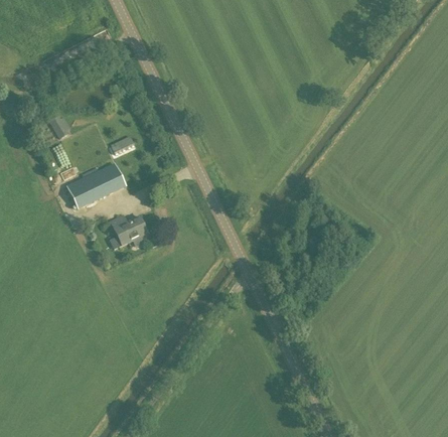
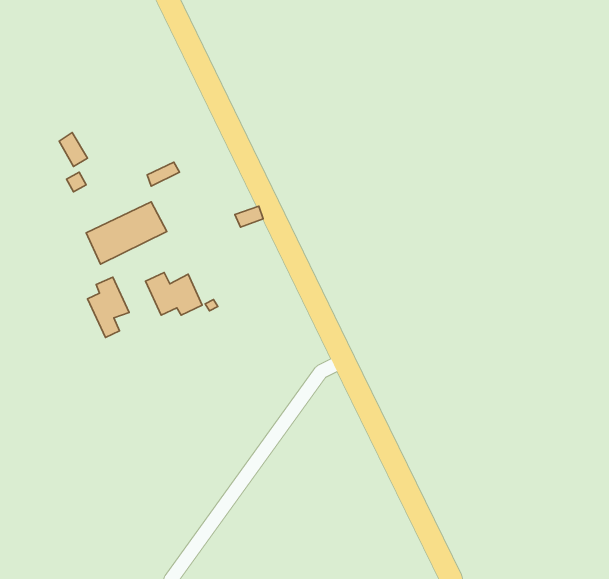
building: none -> [88,277,129,337]

